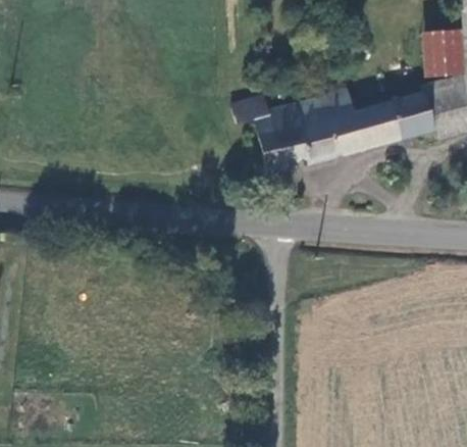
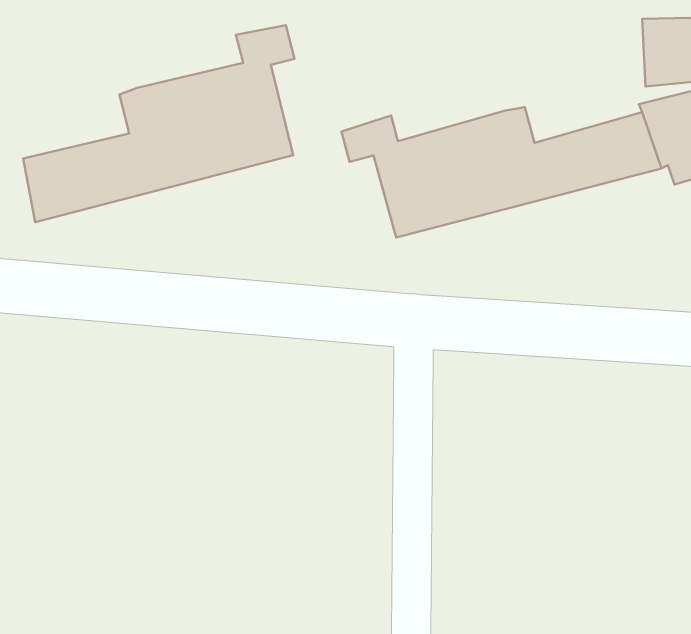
building: none -> [23,25,294,222]

